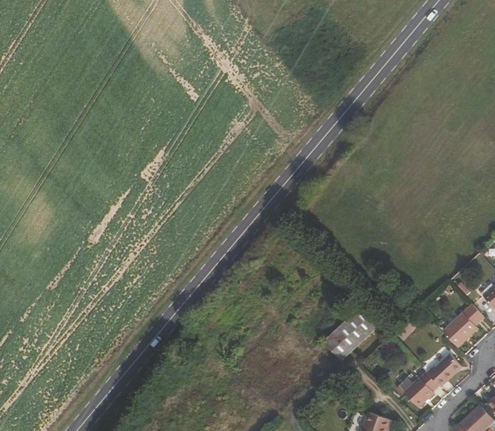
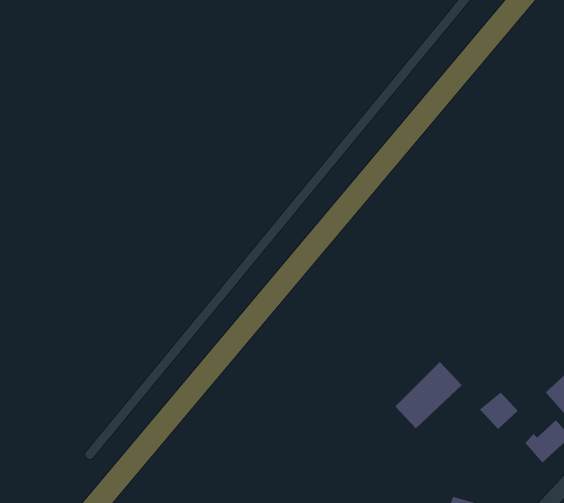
building: [403,375,434,405] -> [479,392,518,430]

